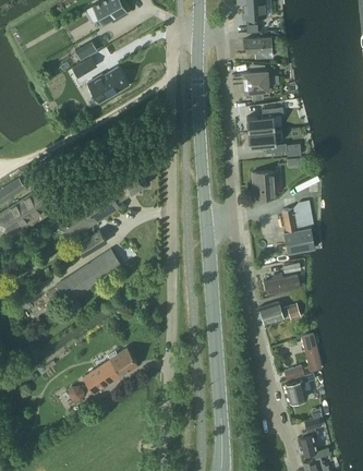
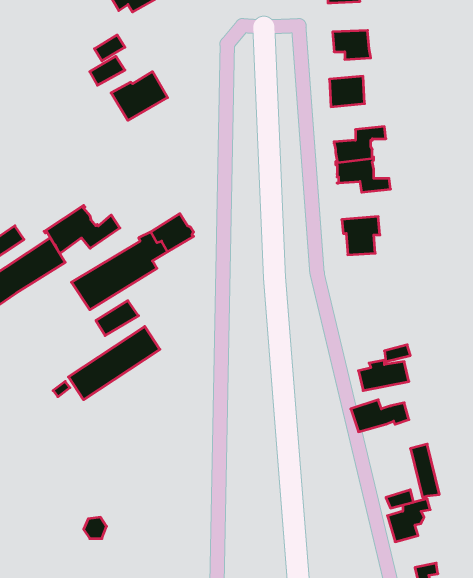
building: none -> [44,205,120,254]
building: [281,203,314,254] -> none
building: [83,350,137,395] -> none

